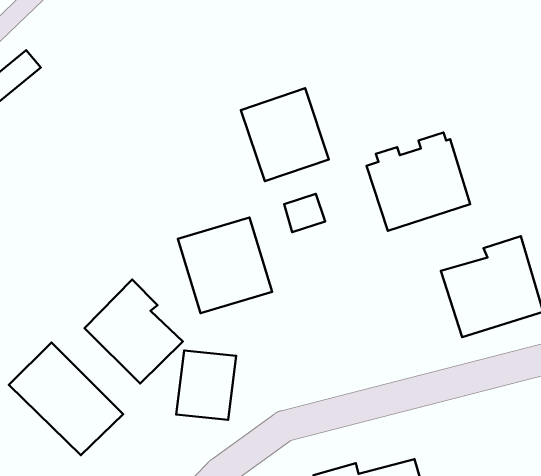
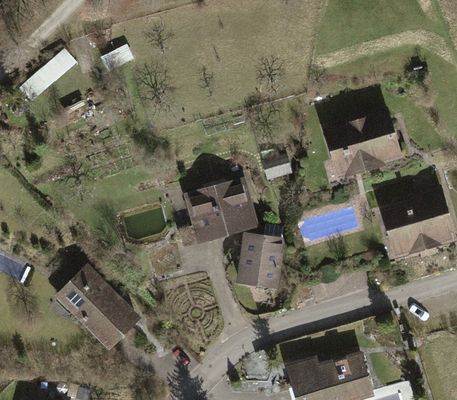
building: [241,88,329,181] -> none
building: [85,279,183,384] -> none
building: [176,351,236,420] -> [237,234,282,286]

